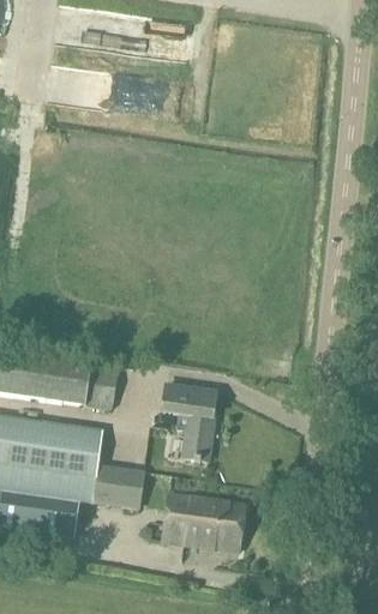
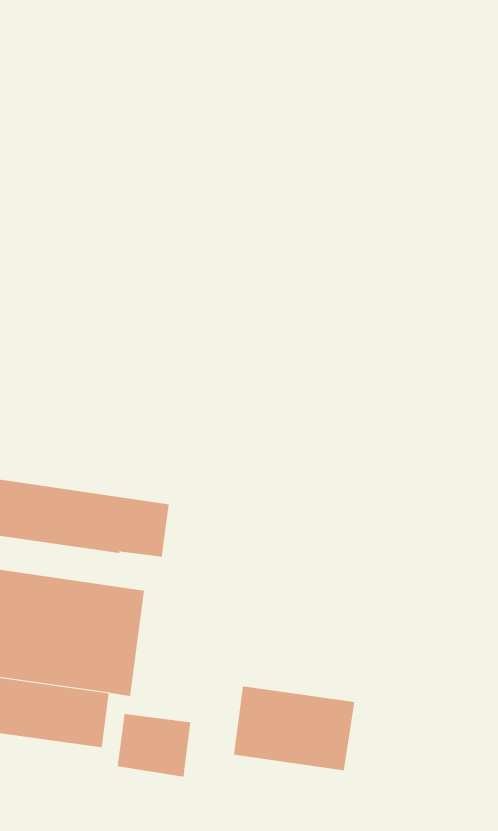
building: [162,384,216,460] -> none
building: [94,464,144,507] -> [117,713,191,777]

